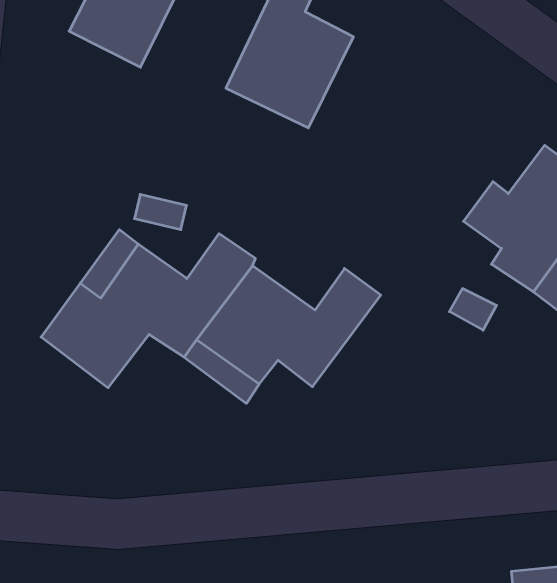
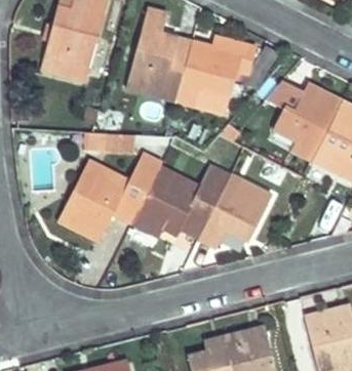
building: none -> [173,38,257,108]
building: none -> [196,172,270,246]

